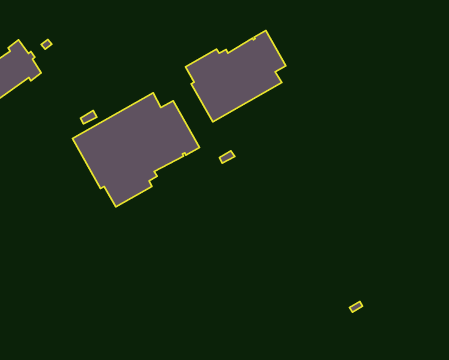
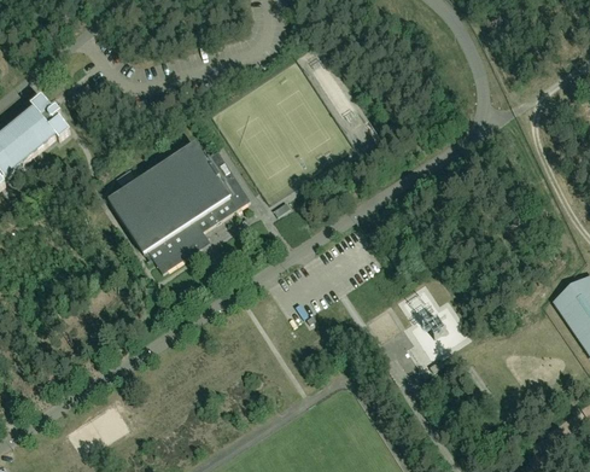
building: [185,31,286,122] -> none

